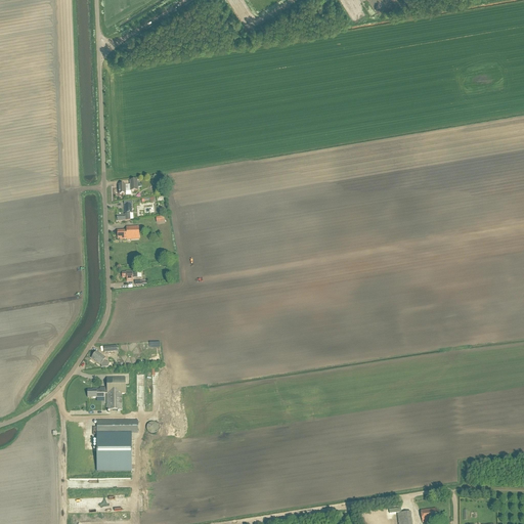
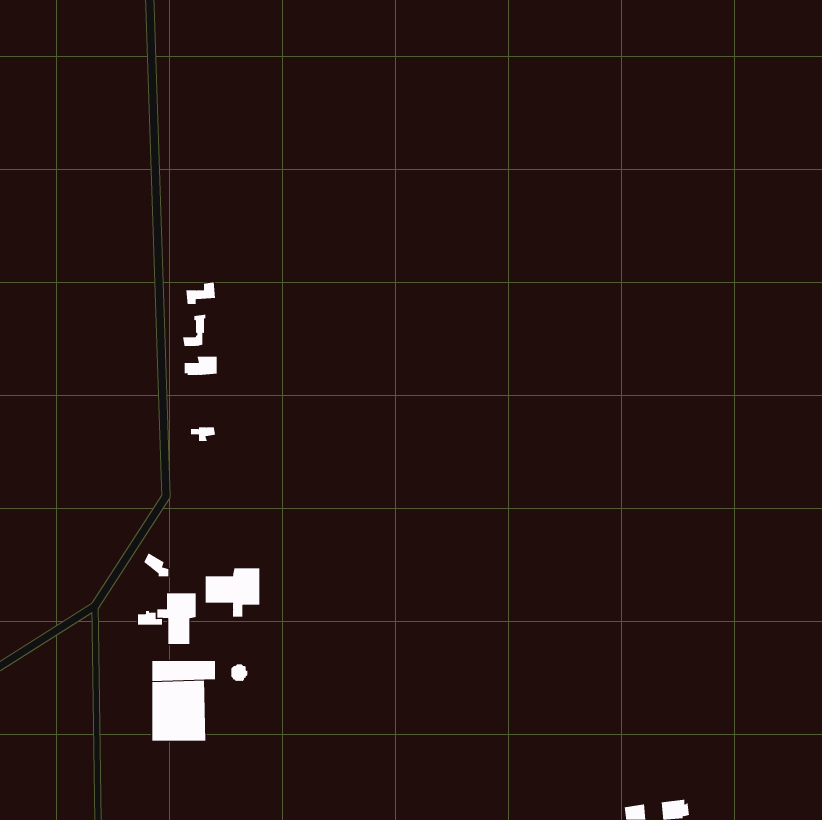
building: none -> [205,568,260,617]

